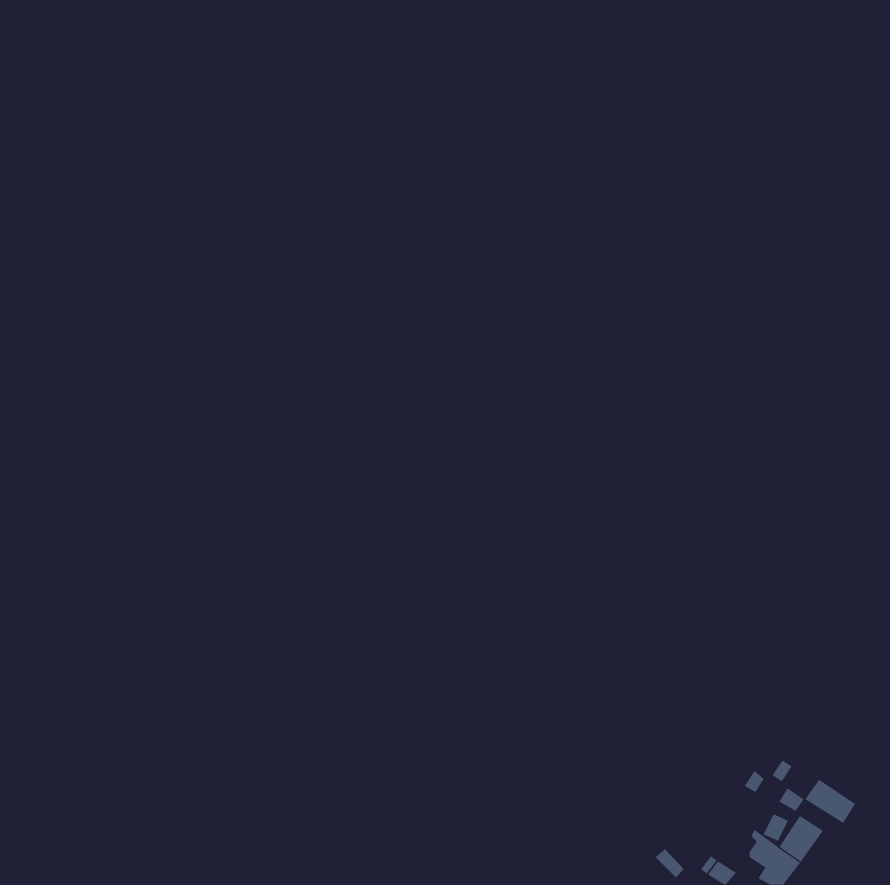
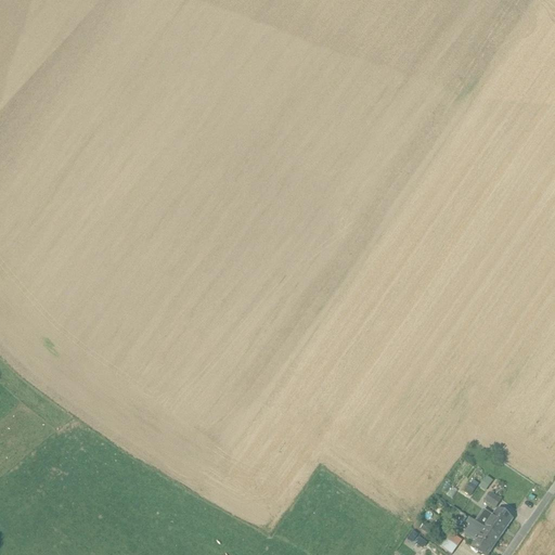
building: [805,779,856,824] -> none

